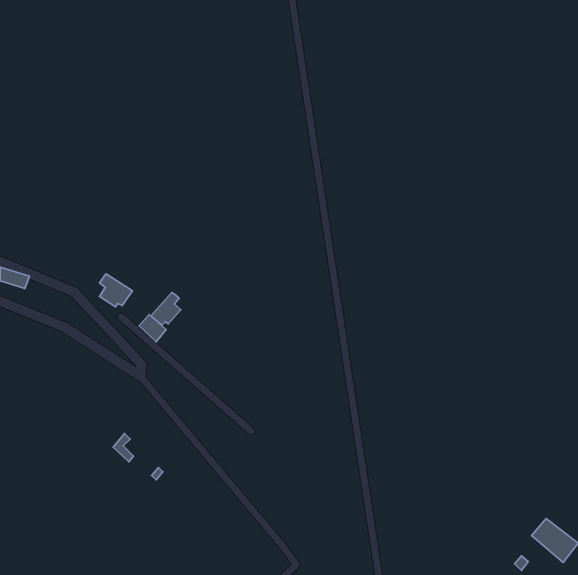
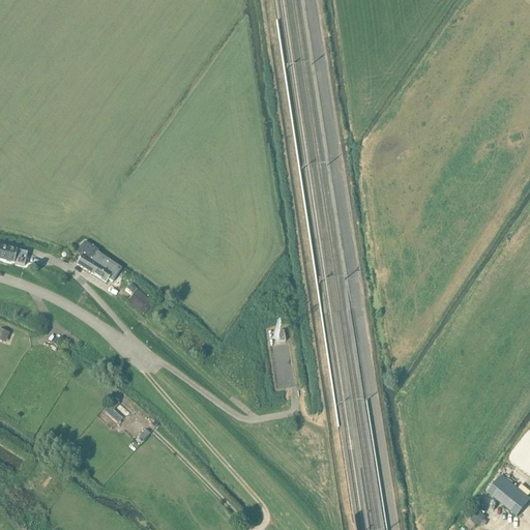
building: none -> [76,239,98,271]
building: [151,293,181,325] -> none

